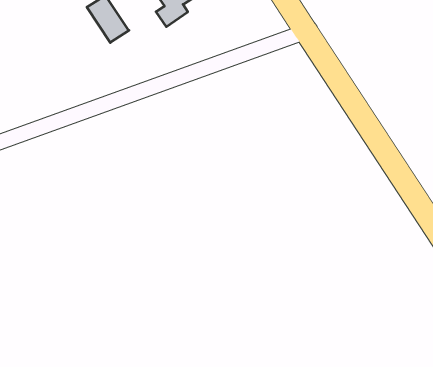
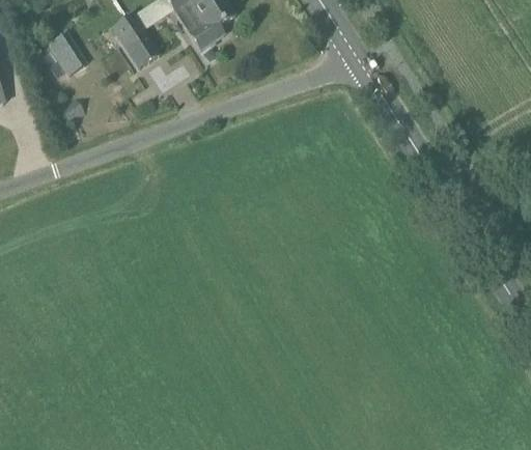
building: none -> [44,33,82,76]

